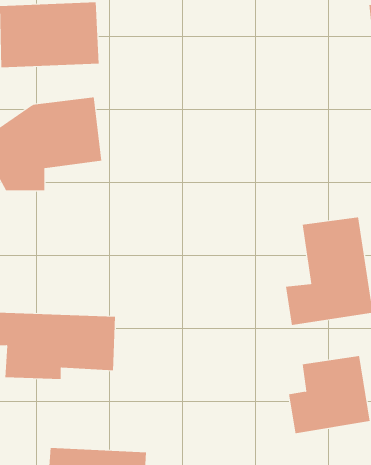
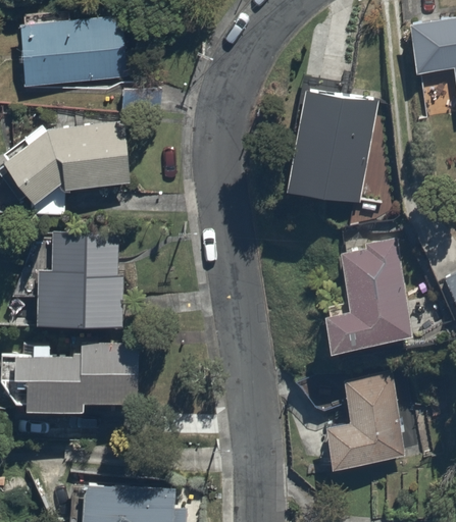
building: none -> [288,91,375,207]
building: none -> [35,233,121,327]

